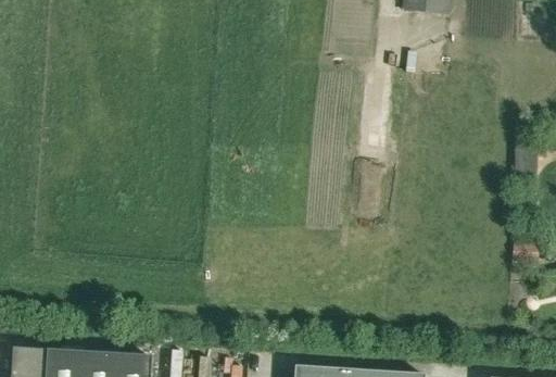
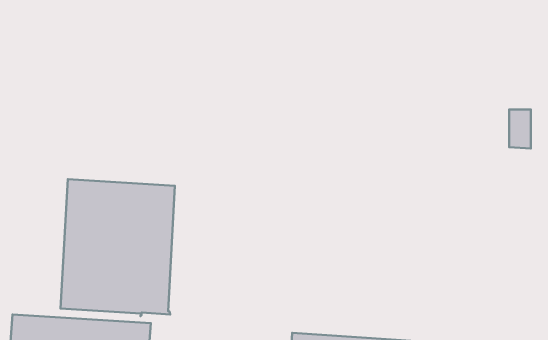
building: none -> [61,179,175,316]

